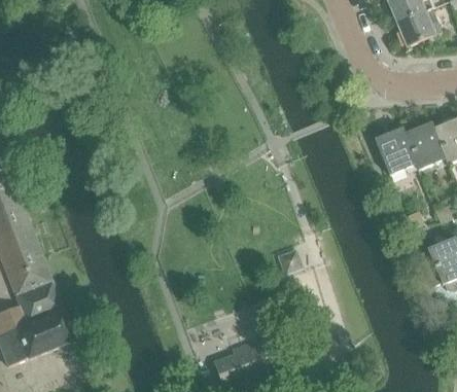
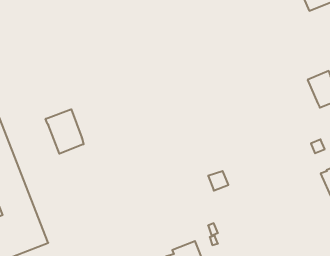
building: [374,126,416,174] -> none
building: none -> [46,109,84,154]

